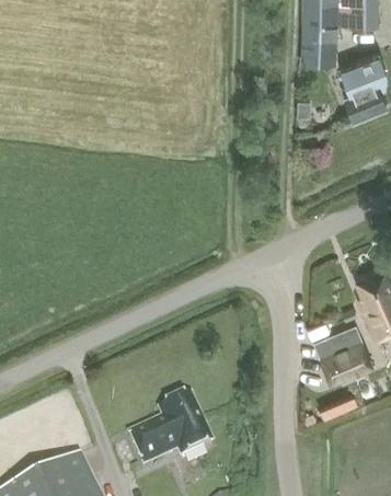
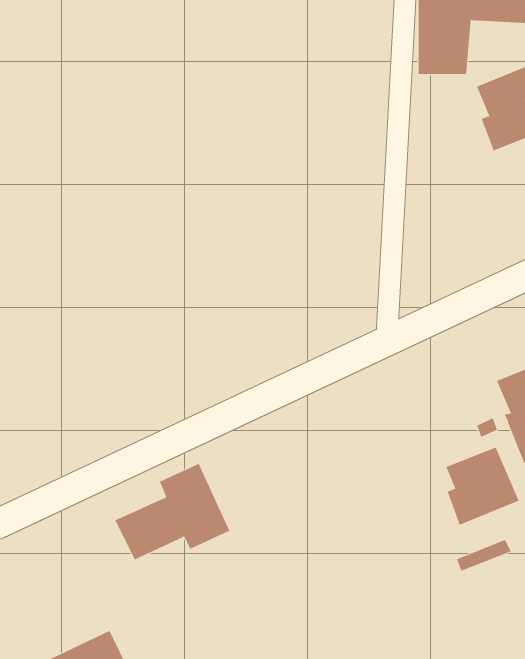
building: [129,395,211,464] -> [115,463,230,560]

